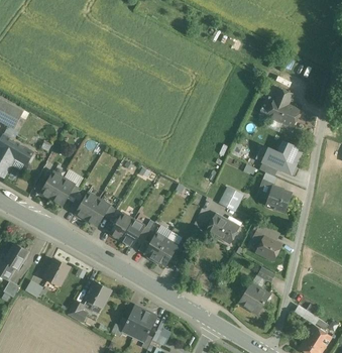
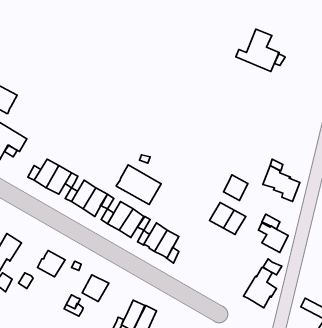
building: [258,87,300,127] -> [236,29,279,72]
building: [260,140,302,174] -> none
building: none -> [116,165,161,205]

